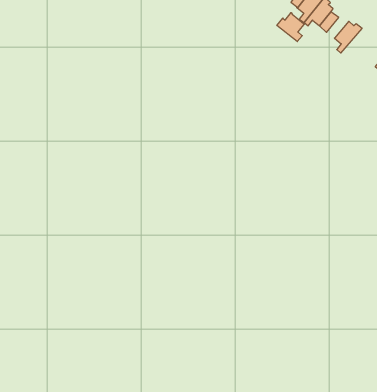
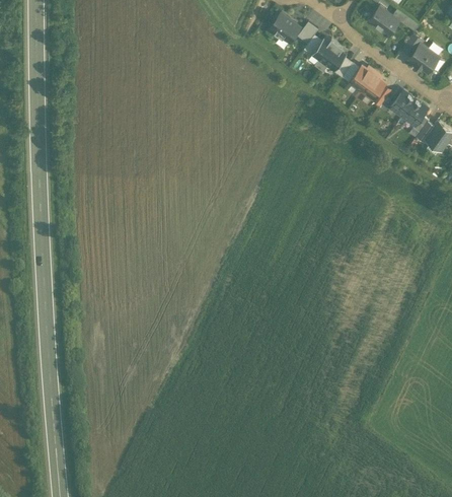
building: [277,13,305,42] -> none
building: none -> [357,71,386,100]

